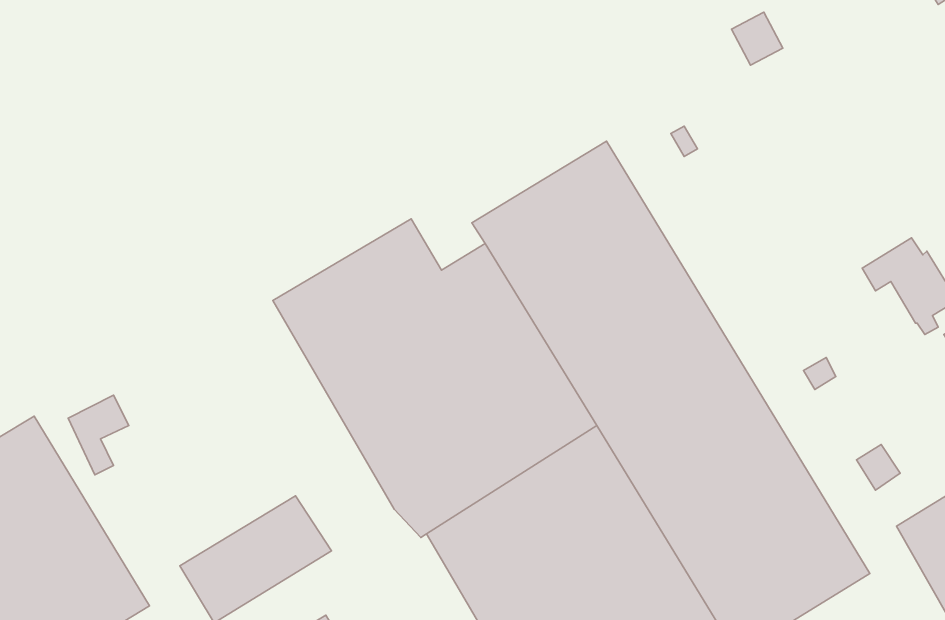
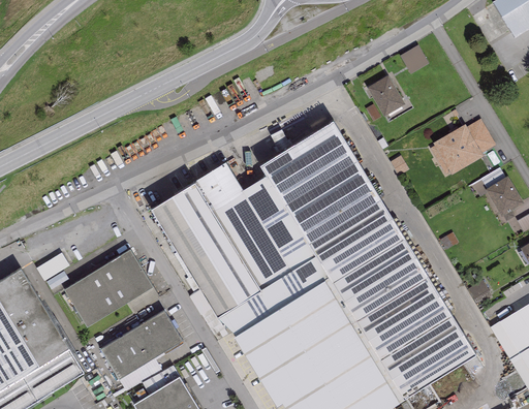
building: none -> [367,77,404,118]
building: none -> [429,121,495,178]
building: none -> [63,249,152,326]

